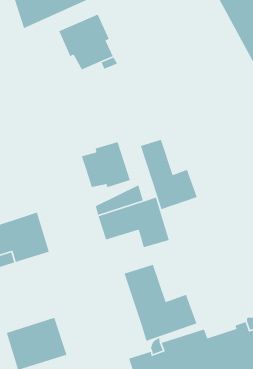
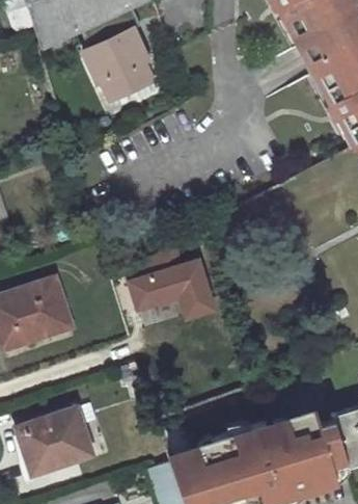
building: [140,139,198,210] -> none
building: [81,141,131,188] -> none
building: [124,264,197,342] -> none

